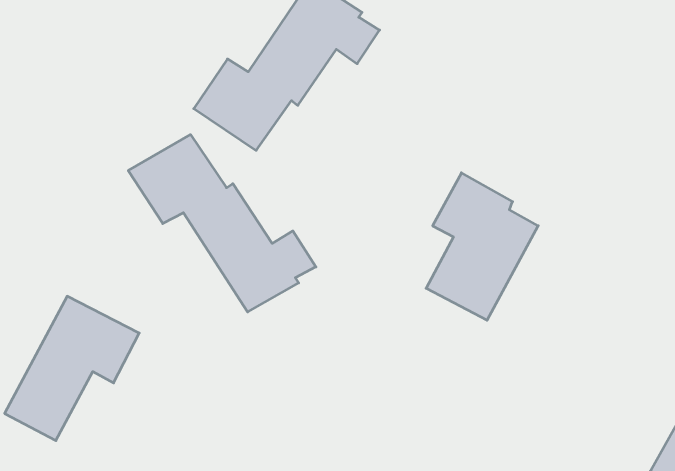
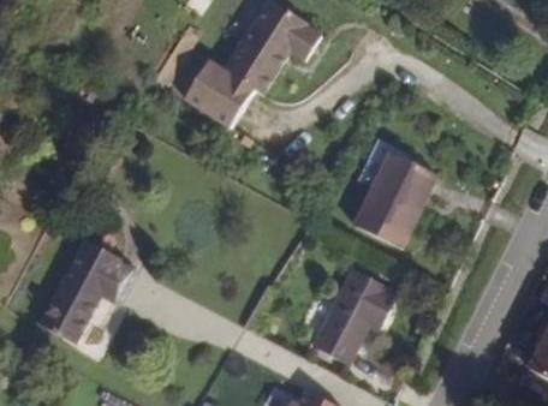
building: [128,135,316,312] -> none
building: none -> [312,269,395,360]

